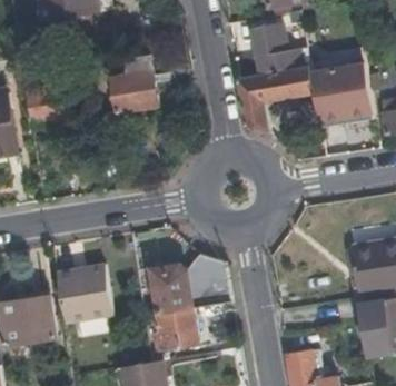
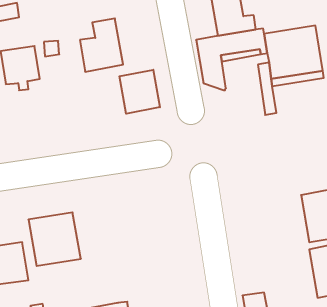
building: none -> [119,70,160,114]
building: [149,254,232,350] -> none

